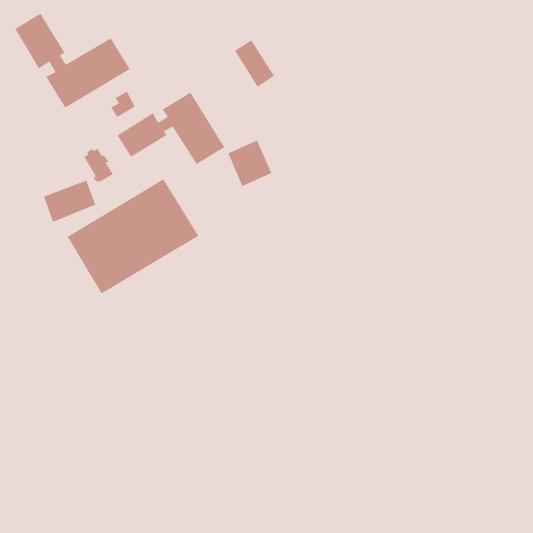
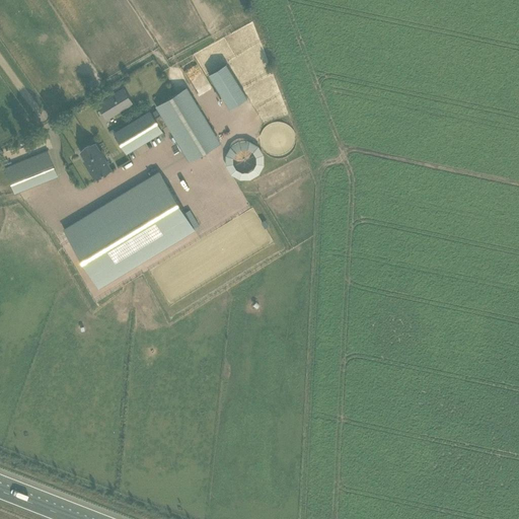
building: [15,13,130,109] -> none
building: [234,39,275,87] -> [205,63,244,109]
building: [43,180,96,223] -> [5,151,57,193]

